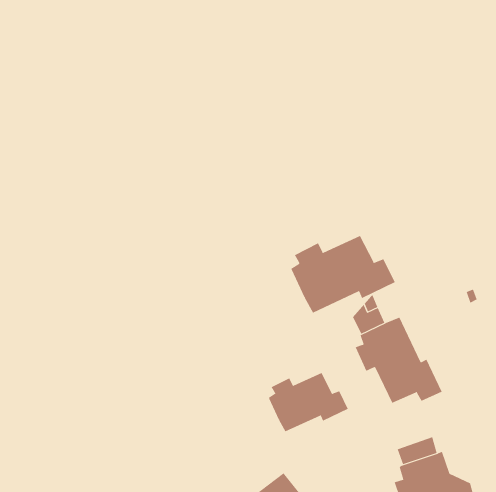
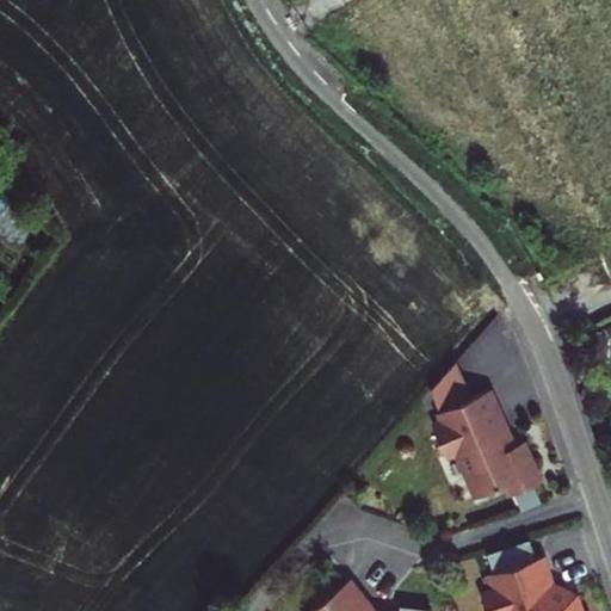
building: [291,235,395,314] -> none
building: [268,372,349,432] -> none

